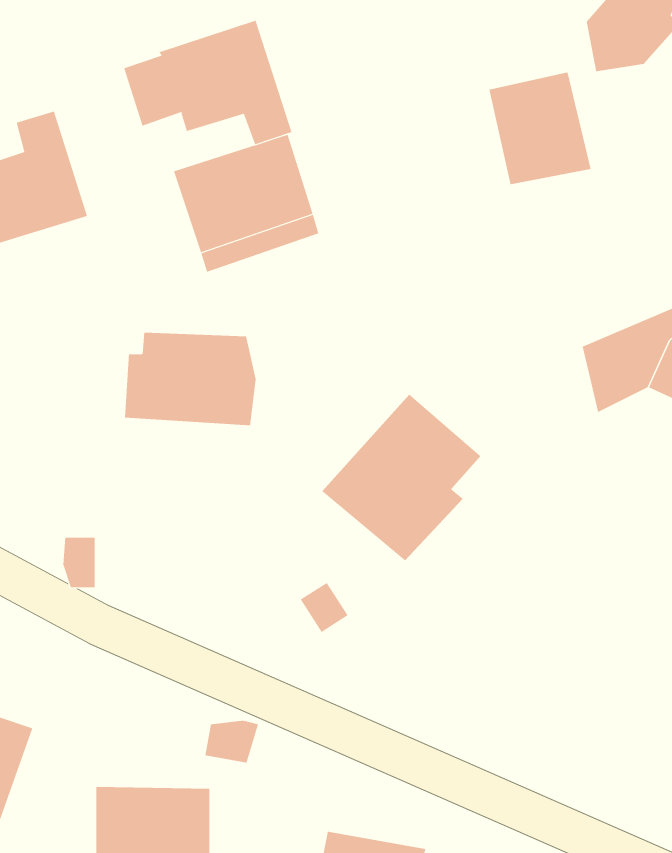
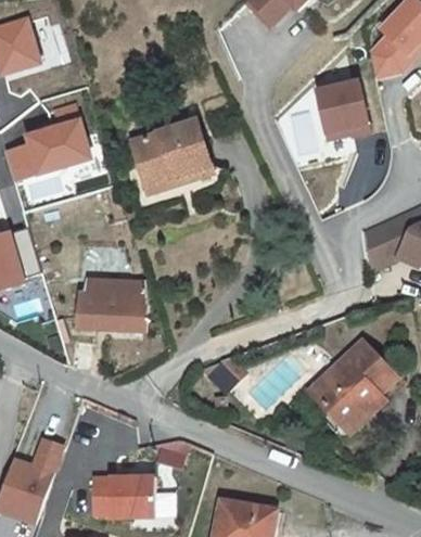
building: [124,20,292,145] -> none
building: [124,332,257,426] -> [77,281,151,333]
building: [322,394,481,561] -> [314,333,403,426]

